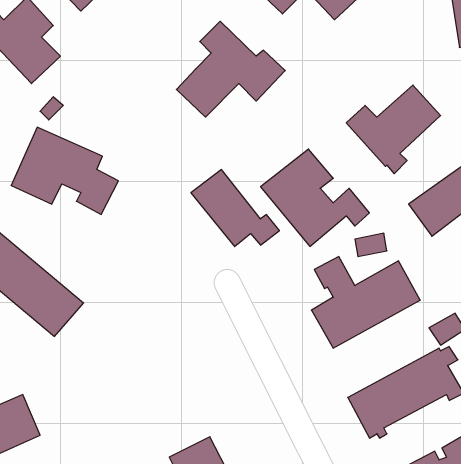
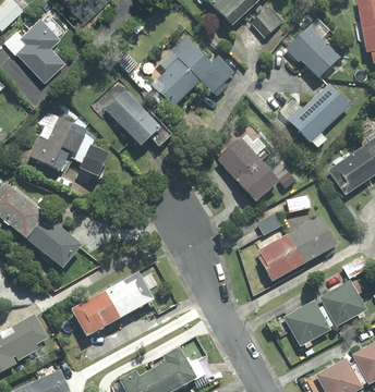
building: none -> [285,25,341,78]
building: [191,170,279,247] -> [106,90,172,148]
building: none -> [68,271,152,336]

